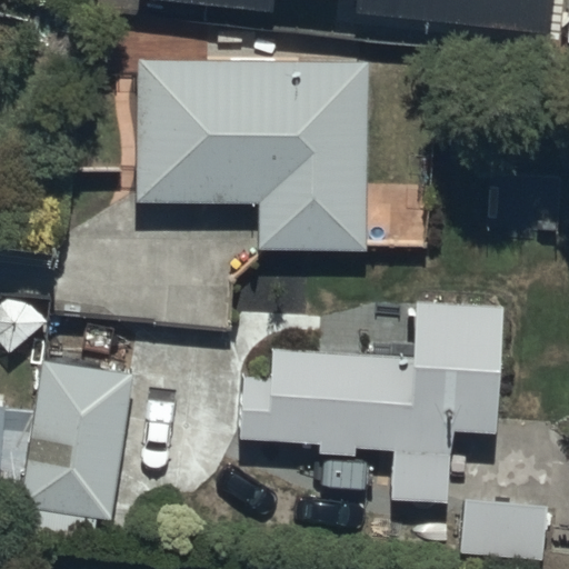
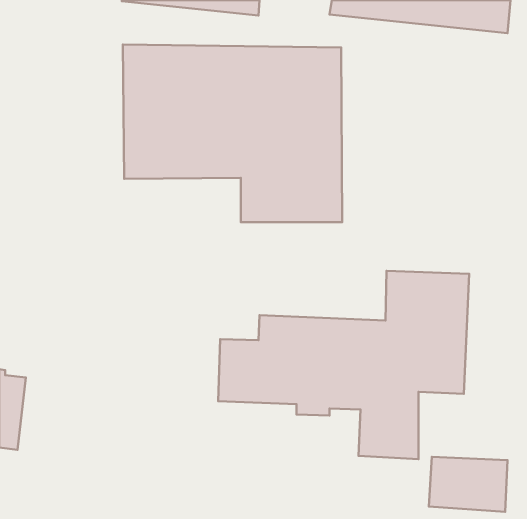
building: [20,361,131,520] -> none

